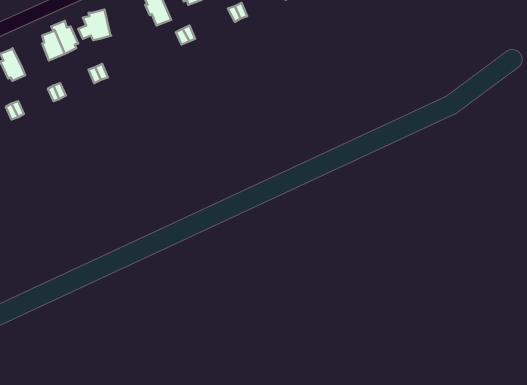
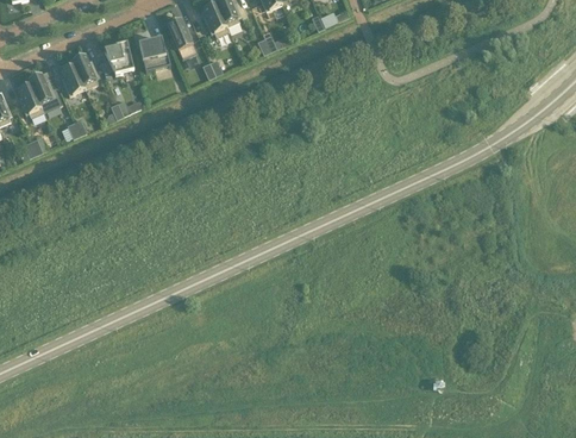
building: none -> [138,36,169,70]
building: none -> [27,71,61,110]

